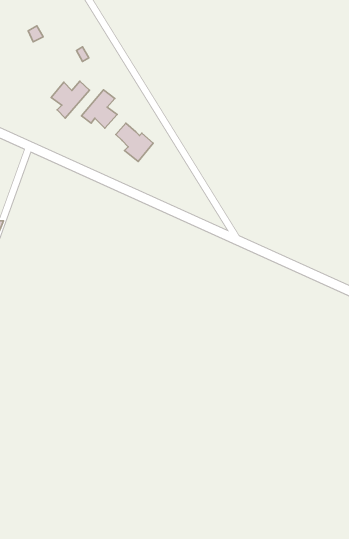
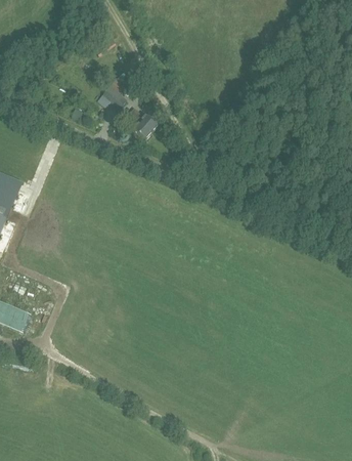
building: [51,81,89,118] -> none

